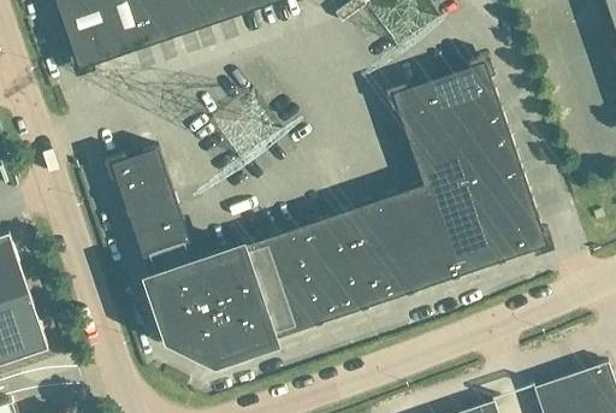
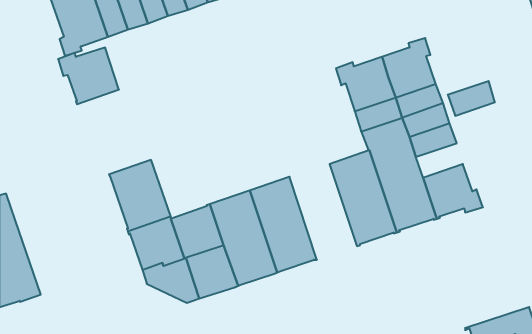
building: [103,146,173,211] -> [58,48,119,104]
building: [476,175,531,214] -> [448,81,495,116]
building: [332,199,409,308] -> none

